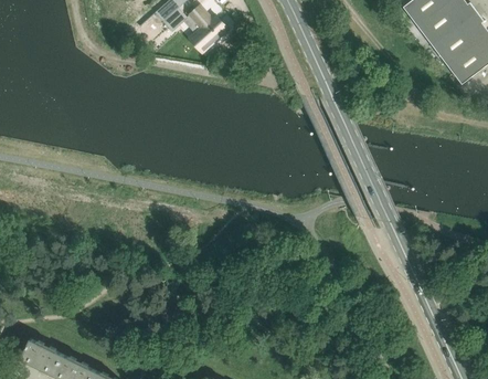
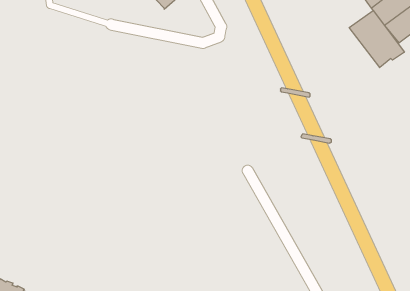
building: none -> [349,11,404,68]

